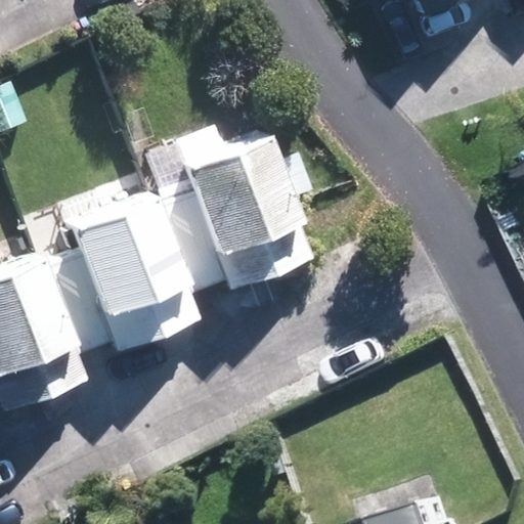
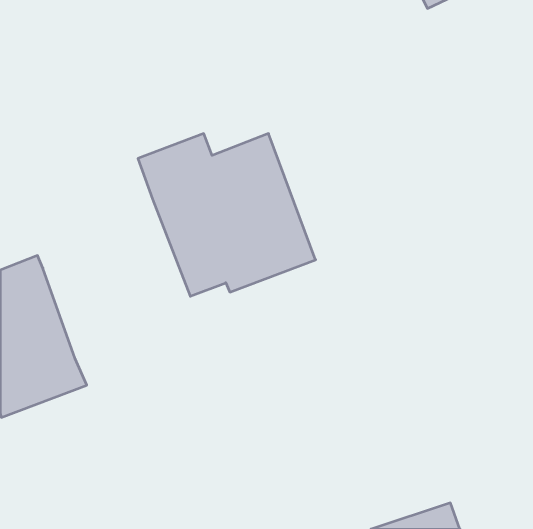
building: [43,195,196,352] -> none

